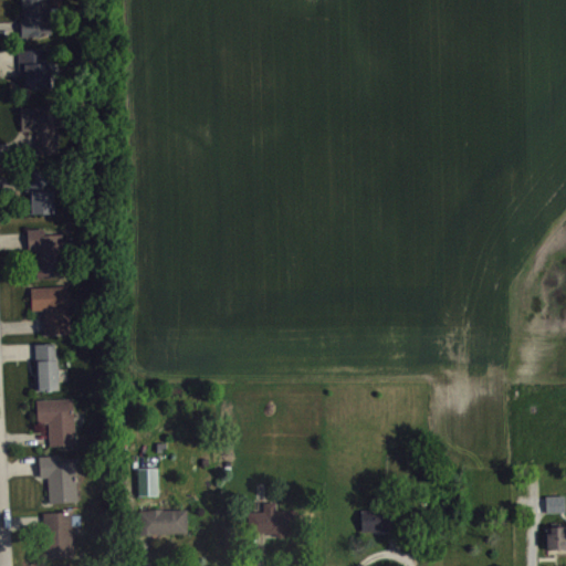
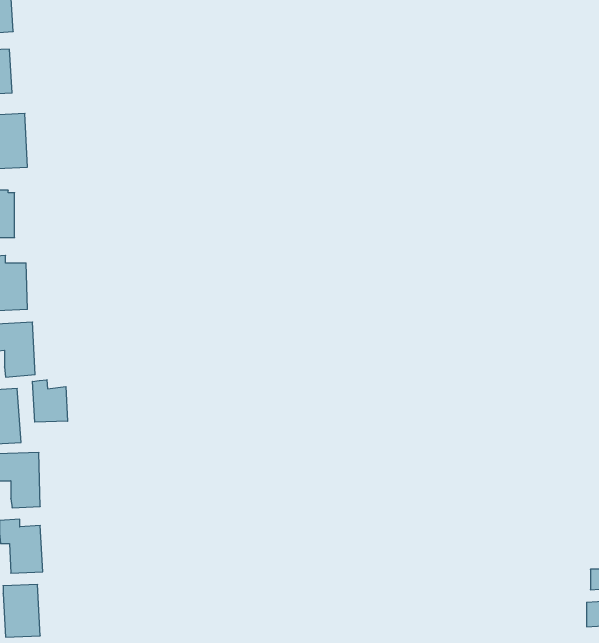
building: none -> [32,380,68,422]
building: [137,469,158,496] -> none
building: [248,503,292,538] -> none
building: [138,510,187,535] -> none
building: [360,511,389,533] -> none

